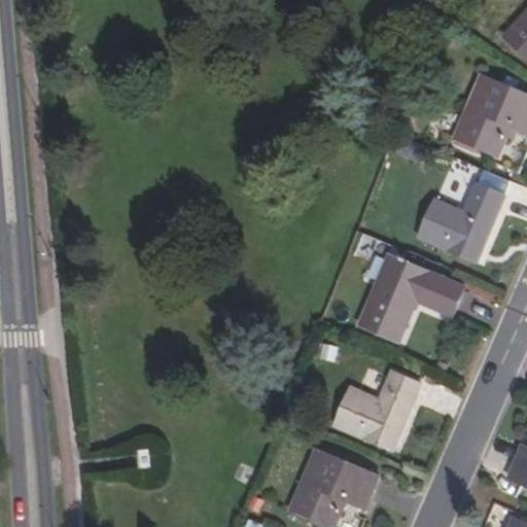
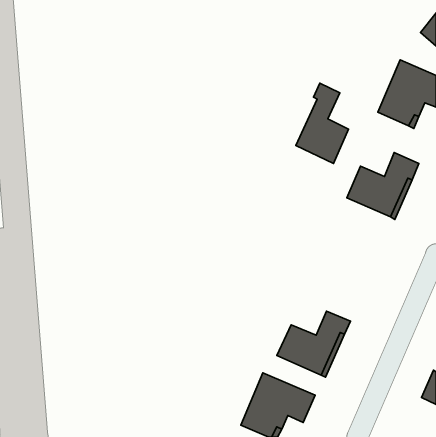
building: none -> [296,83,348,163]
building: [360,253,465,340] -> none

